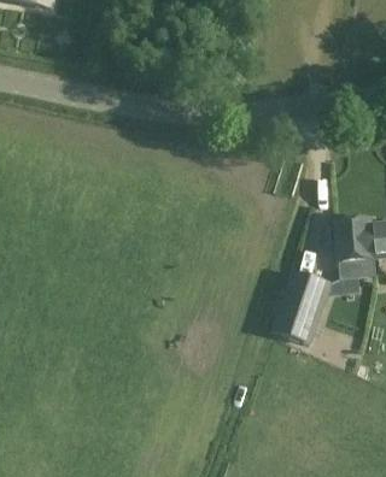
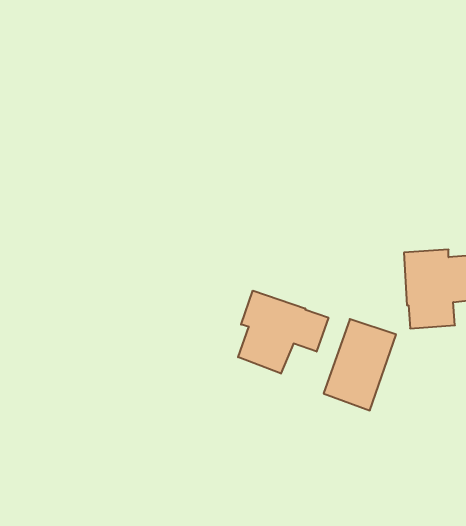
building: none -> [238,291,328,374]

